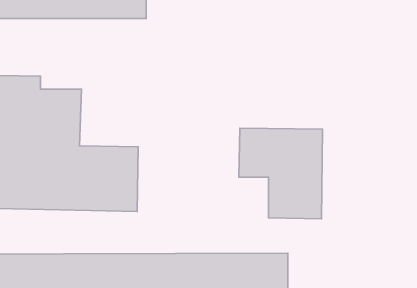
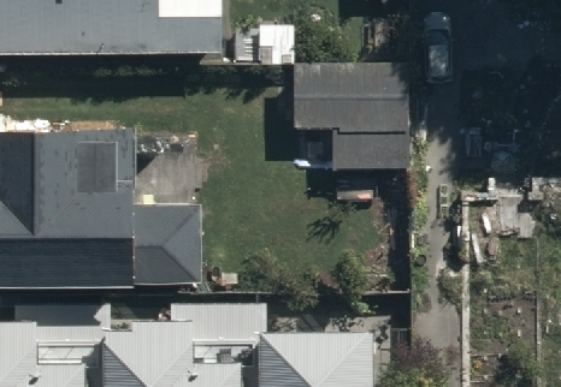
building: [239,128,322,219] -> [300,65,401,174]

